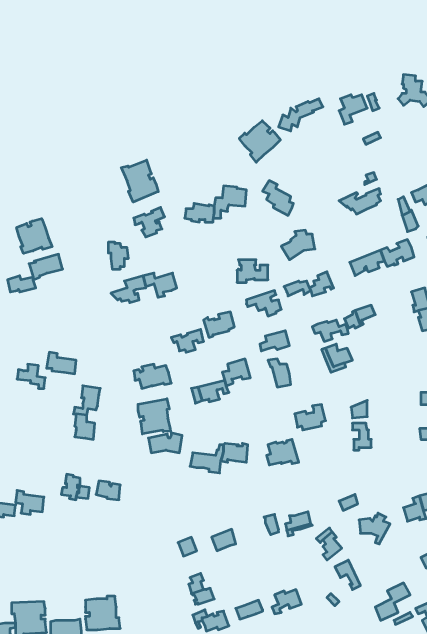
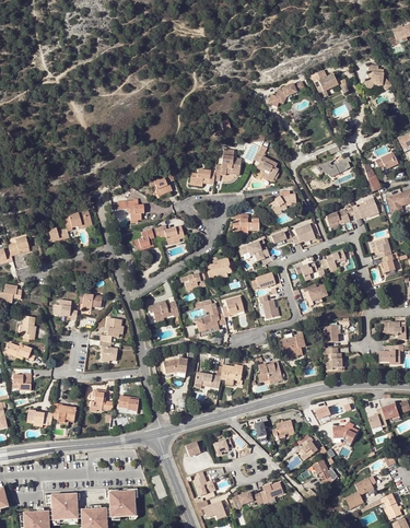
building: [239,121,280,162] -> none
building: [121,160,158,202] -> none
building: [17,219,52,253] -> none
building: [138,399,171,434] -> none

